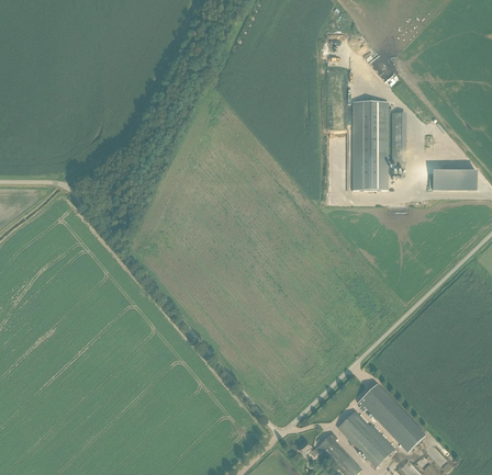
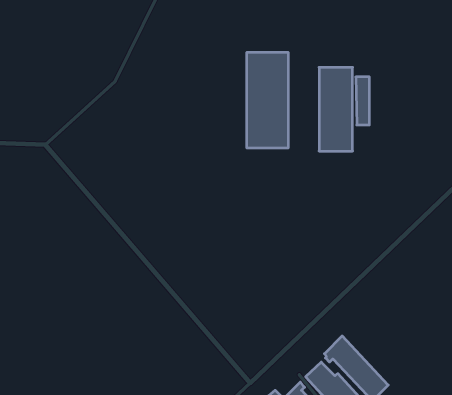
building: none -> [247,52,288,148]
building: [432,170,476,188] -> none

